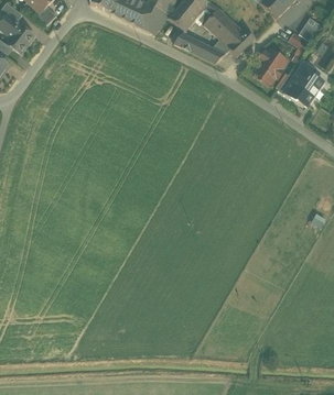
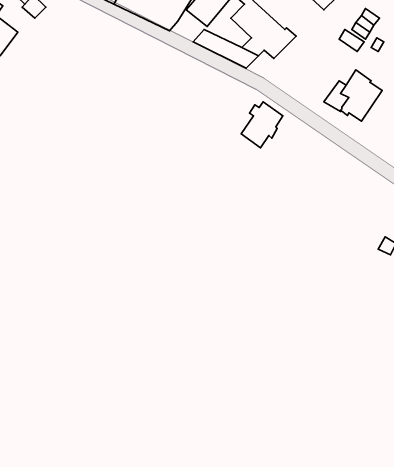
building: [254,48,287,85] -> [241,102,283,148]

